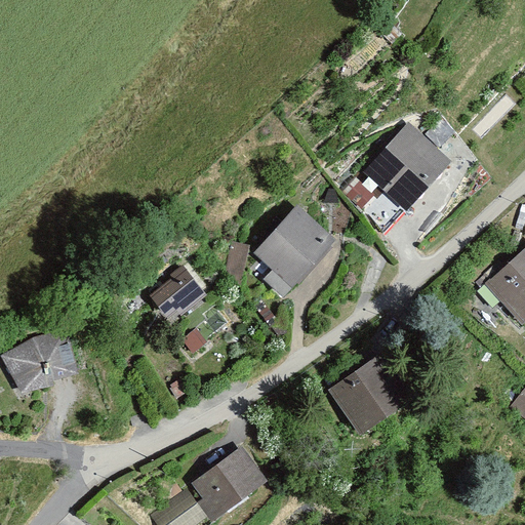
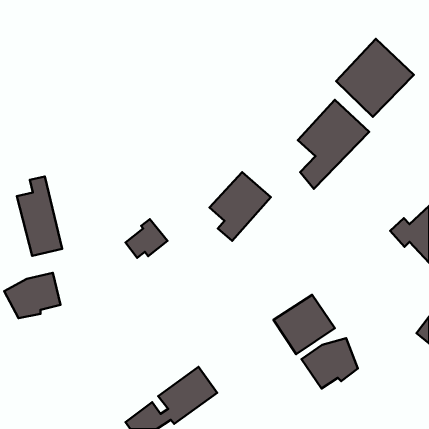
building: none -> [336,39,414,117]
building: none -> [17,176,62,256]
building: none -> [302,338,358,389]

